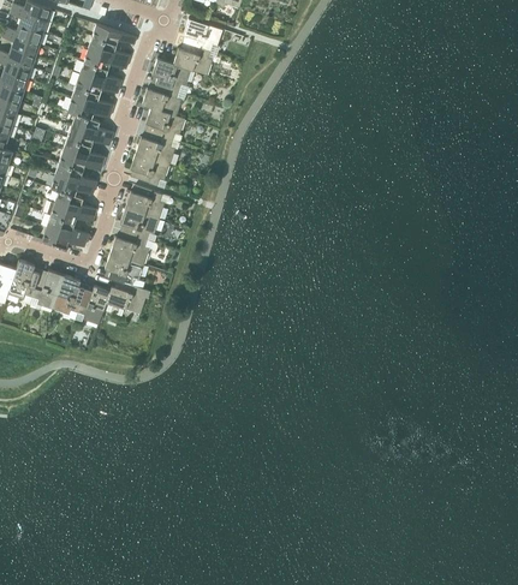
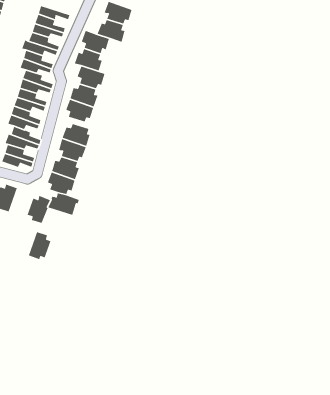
building: [53,274,85,314] -> [28,231,51,260]

